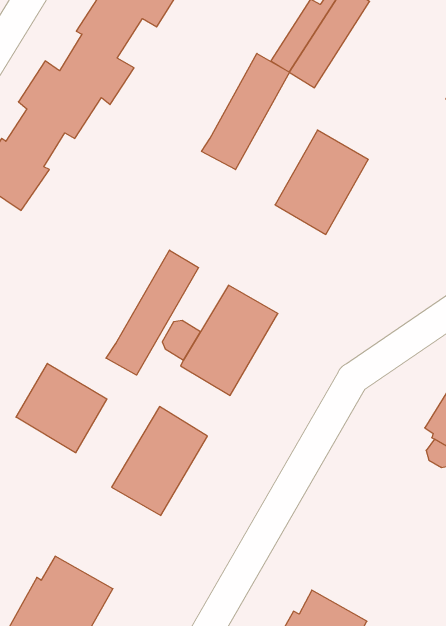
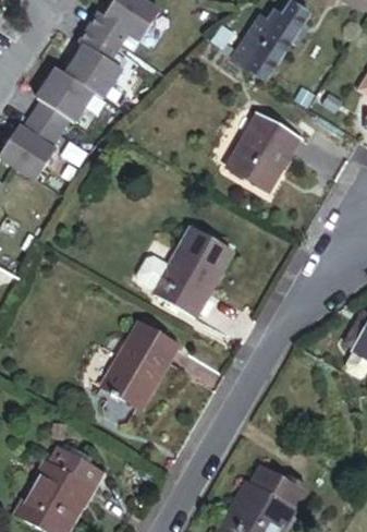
building: [202,53,289,170] -> none
building: [106,250,199,375] -> none
building: [16,363,107,453] -> none

